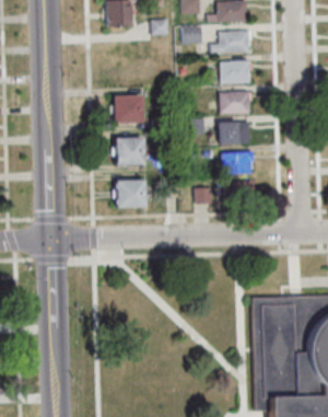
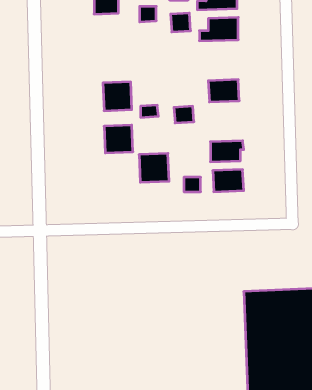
building: [219,61,248,83] -> none
building: [218,120,249,143] -> none
building: [116,179,145,208] -> [139,153,169,182]

